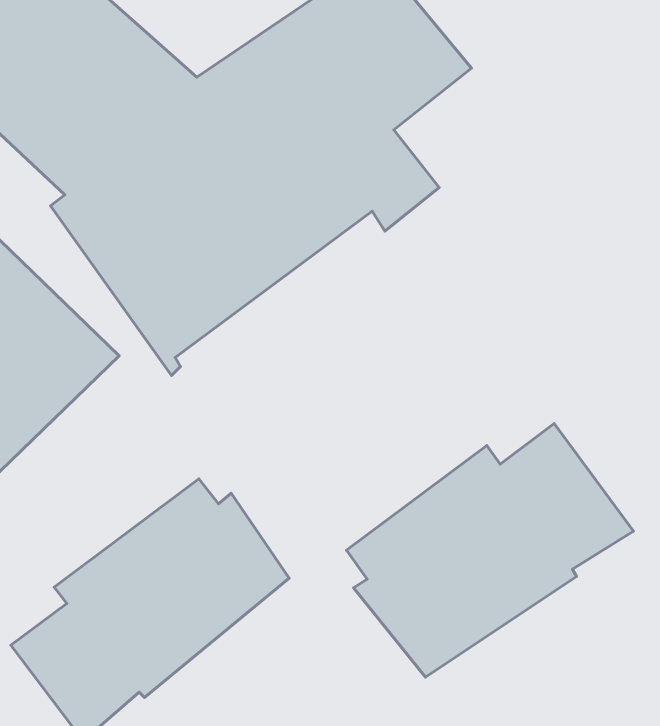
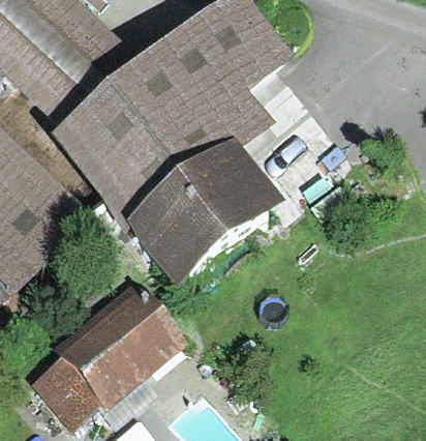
building: none -> [123,133,288,287]
building: [346,424,634,677] -> none

